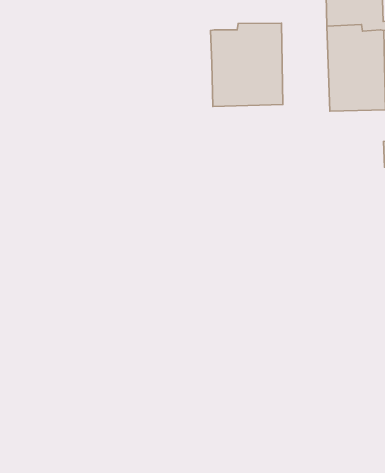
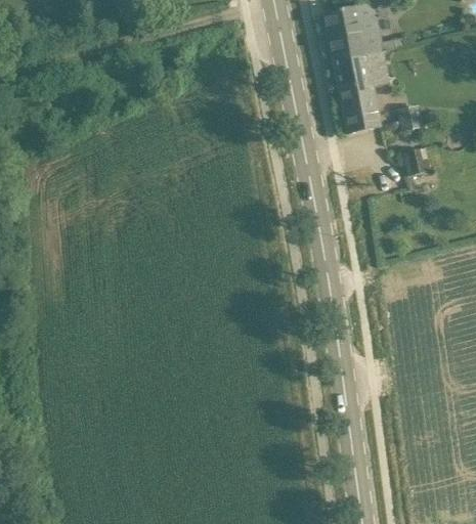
building: [211,23,283,106] -> none

